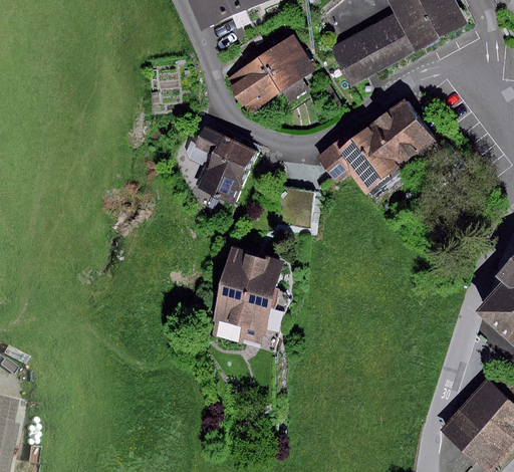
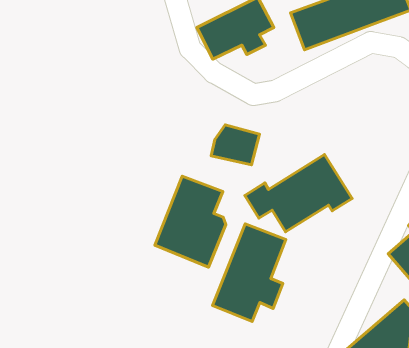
building: [316,98,439,192] -> [245,155,352,232]
building: [195,125,257,202] -> none
building: none -> [213,224,286,321]

